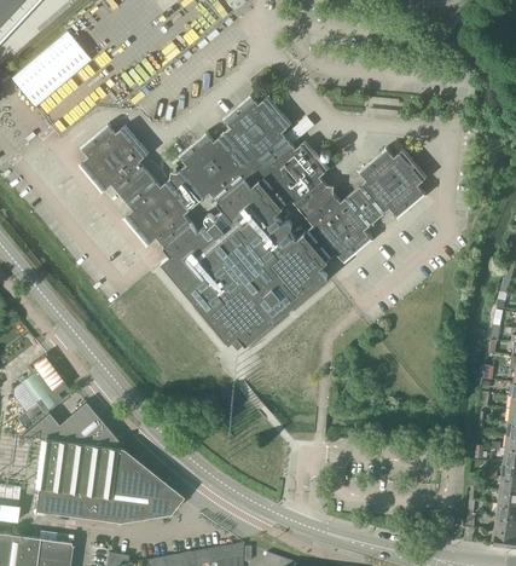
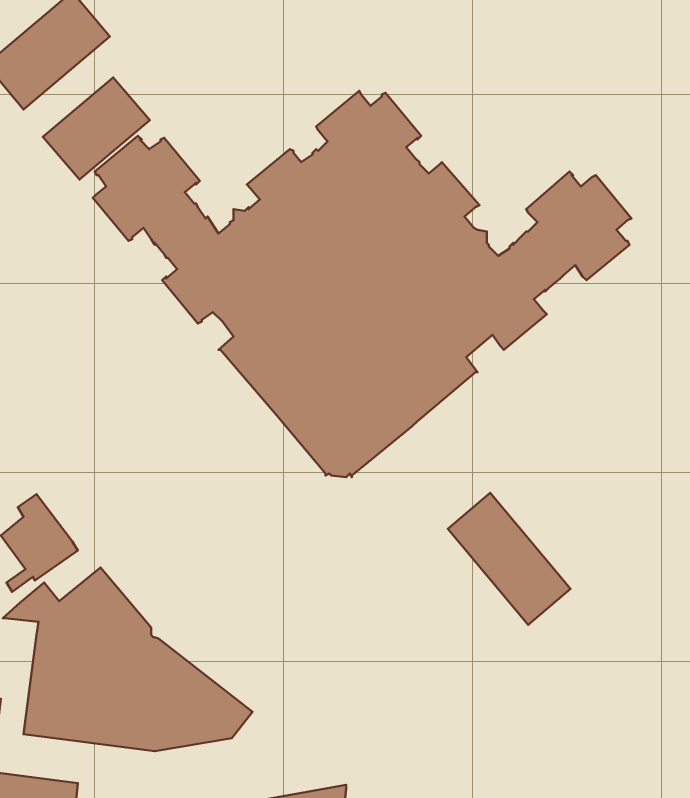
building: none -> [43,77,150,180]
building: none -> [448,493,570,625]

